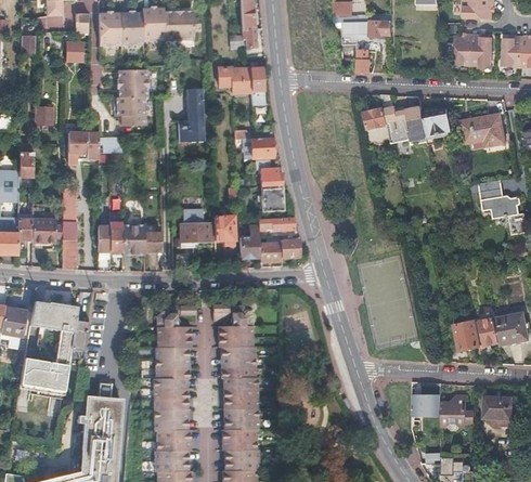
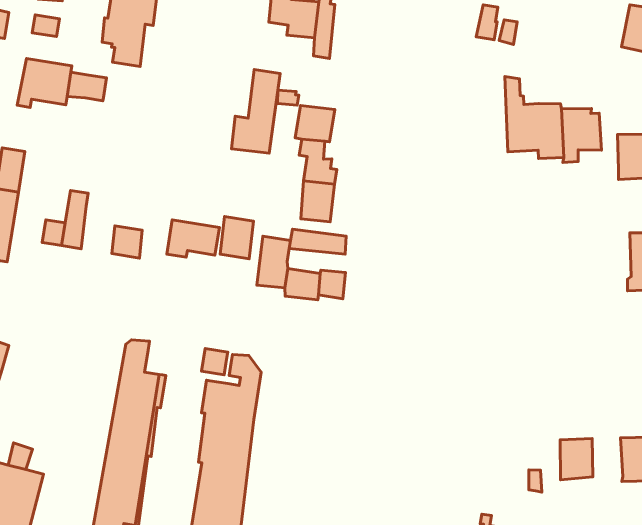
building: [178,88,204,142] -> [232,69,280,153]
building: [363,94,390,143] -> none
building: [122,223,144,253] -> none
building: [476,318,500,347] -> none

